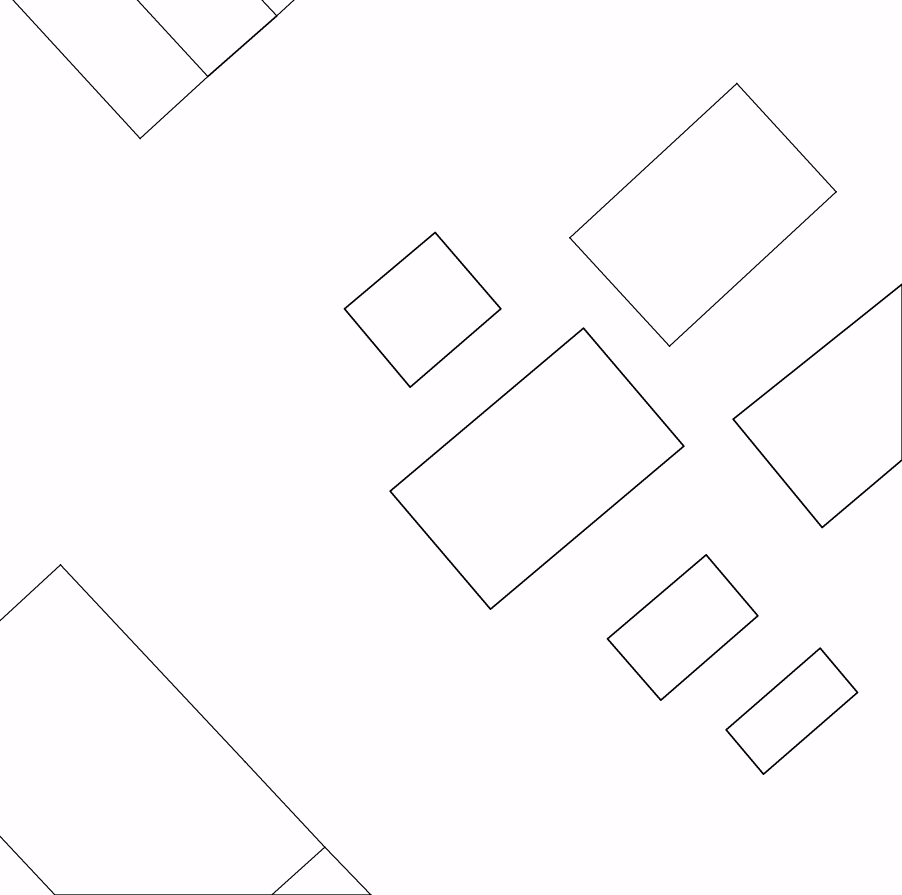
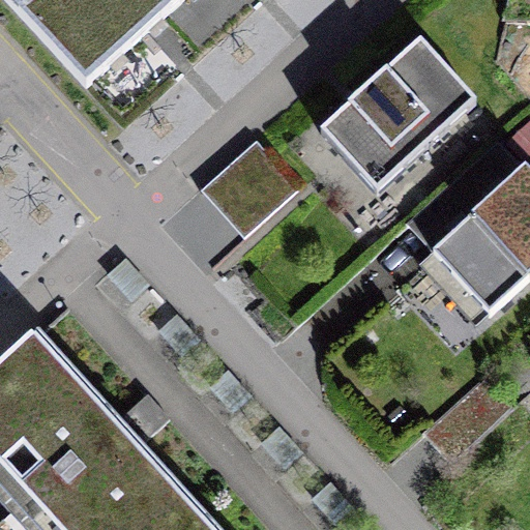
building: [390,328,684,609] -> none
building: [608,555,758,700] -> none

